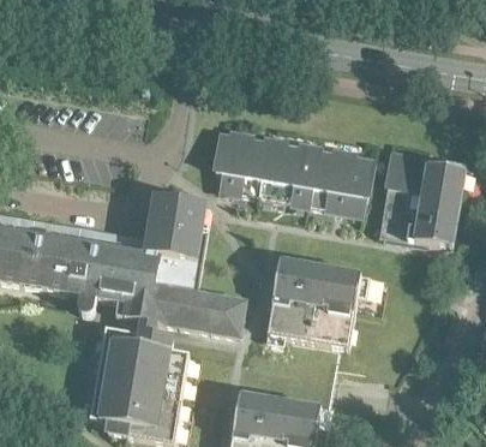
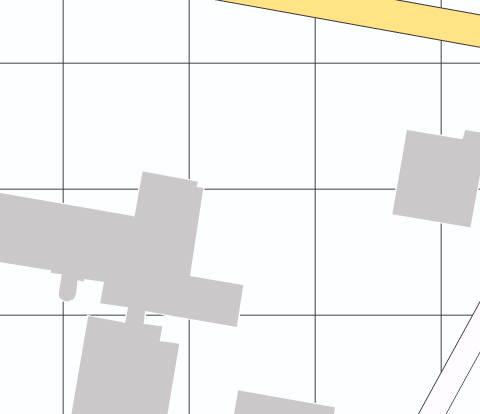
building: [214,131,372,215] -> none
building: [268,261,368,347] -> none

